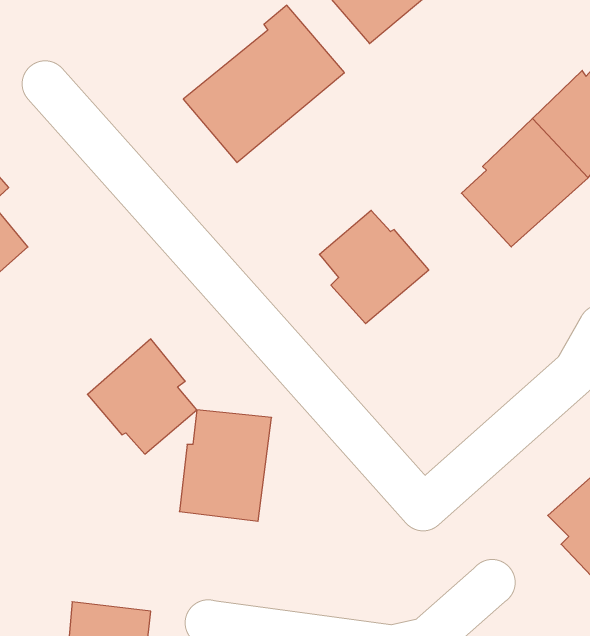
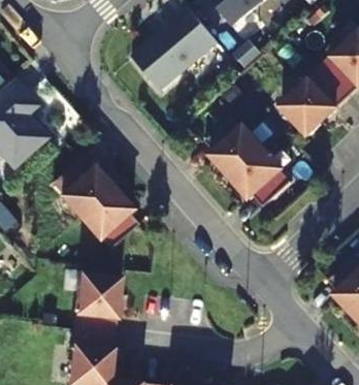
building: none -> [231,150,293,208]
building: none -> [54,158,116,217]
building: [179,410,272,521] -> [73,274,123,333]

